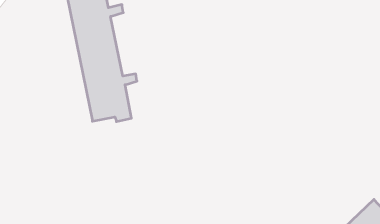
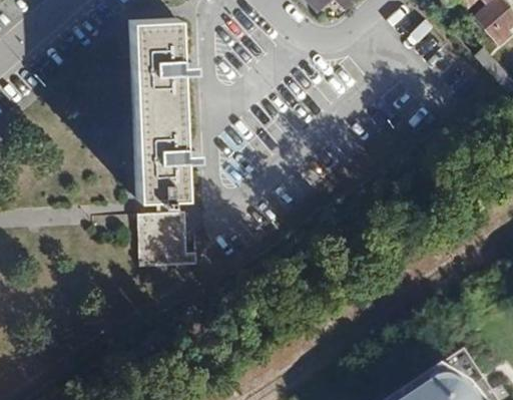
building: none -> [138,211,199,266]

